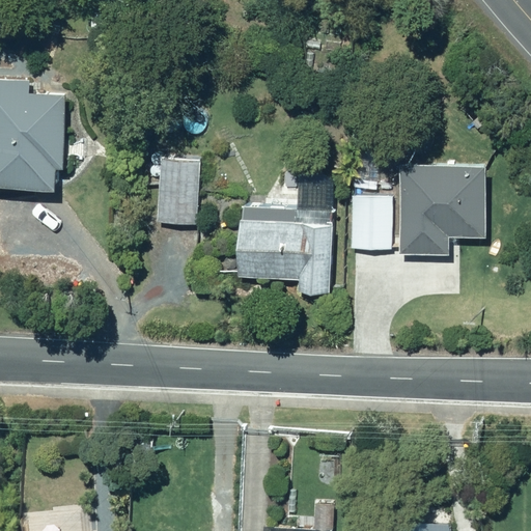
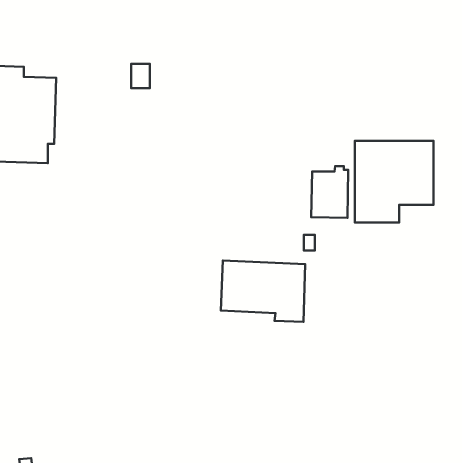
building: [157,159,199,223] -> none
building: [237,221,332,289] -> [221,260,305,322]

